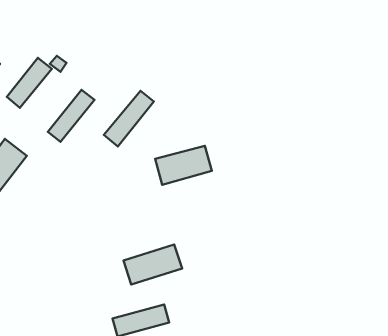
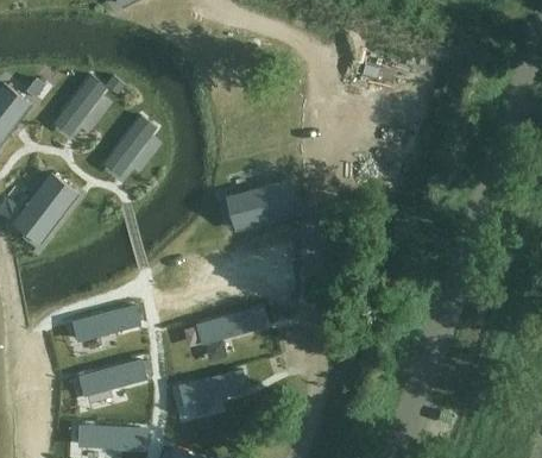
building: [104,91,154,146] -> none
building: none -> [68,300,140,345]
building: none -> [75,352,149,400]

